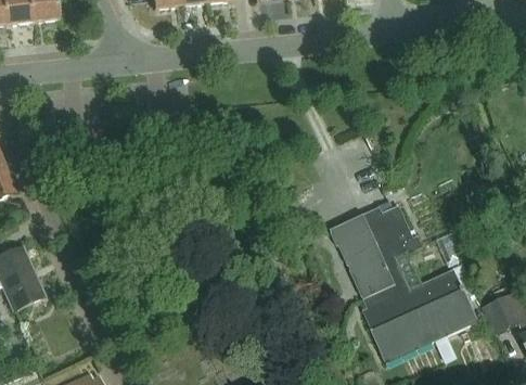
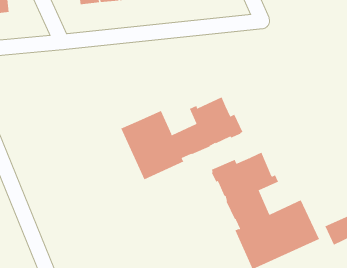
building: none -> [121,96,243,180]

